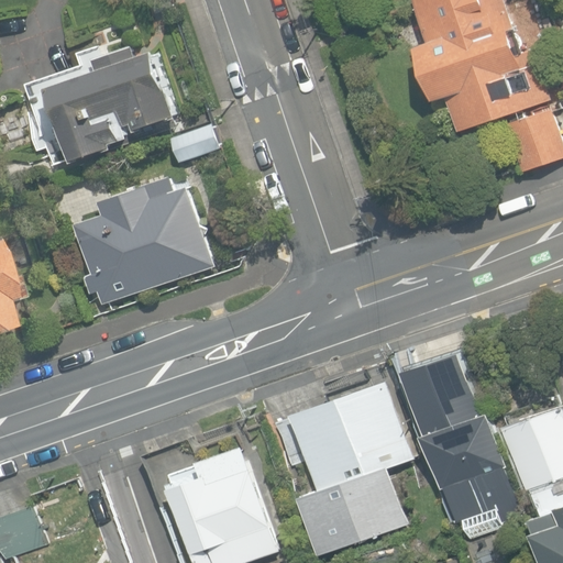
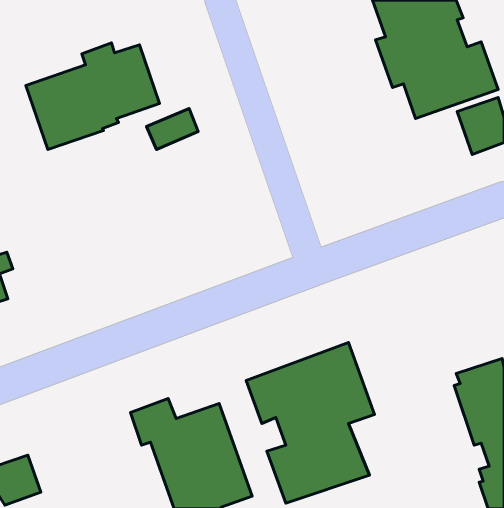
building: [73,177,213,303] -> none
building: [404,345,518,540] -> none

